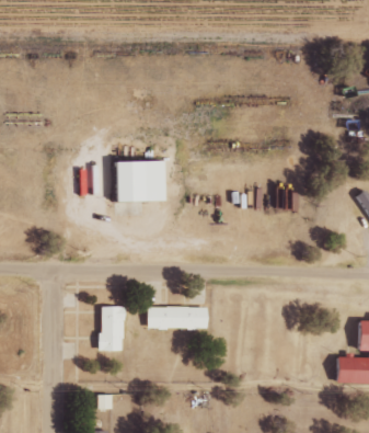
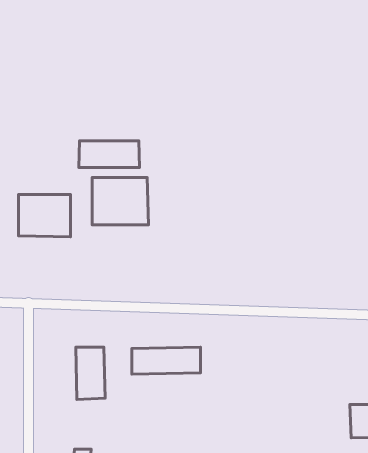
building: none -> [79,141,140,168]
building: none -> [18,194,71,237]

